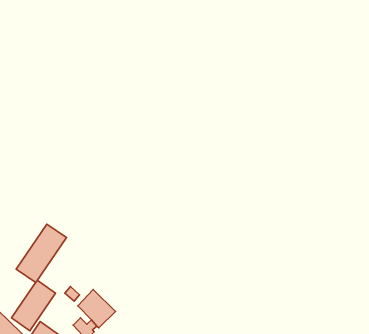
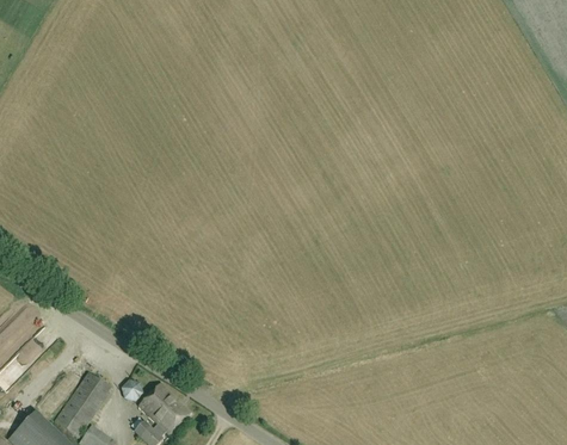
building: [16,224,66,282] -> none

